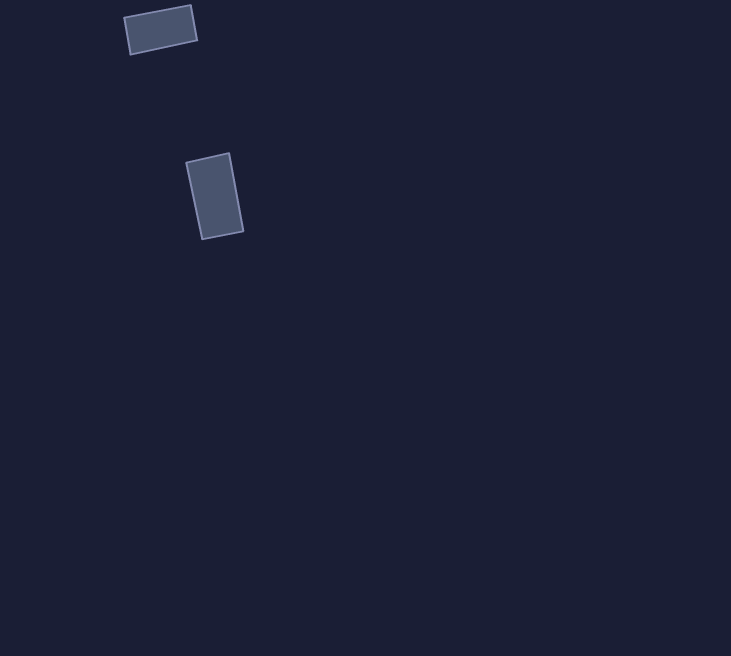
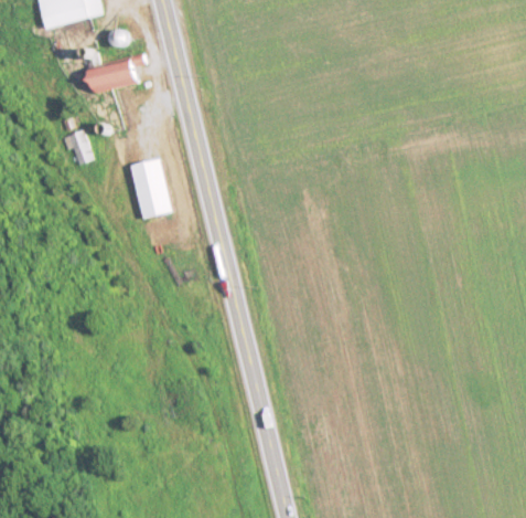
building: none -> [64,131,92,166]

